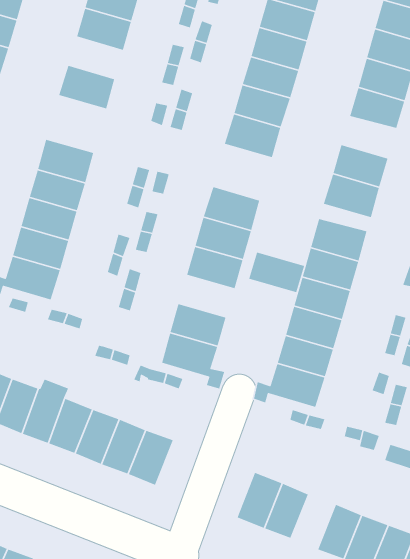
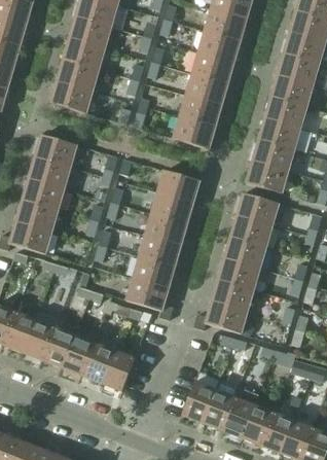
building: none -> [58,60,99,91]
building: none -> [259,118,300,149]
building: [248,251,305,293] -> [139,236,181,267]
building: none -> [222,387,259,438]

